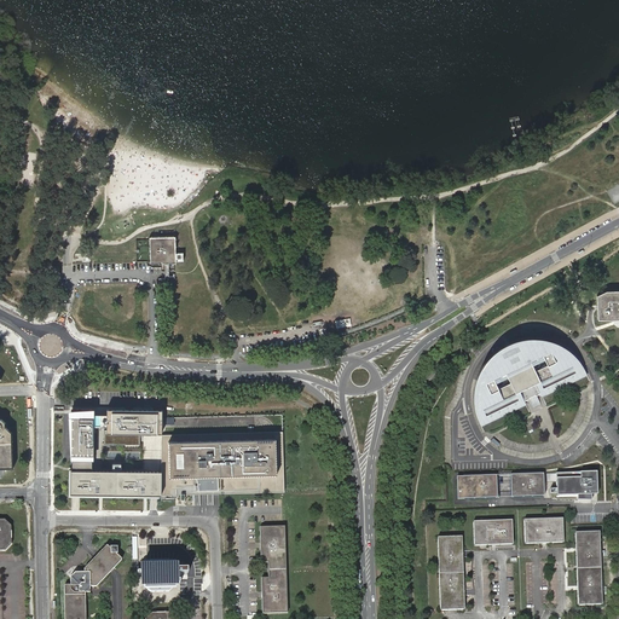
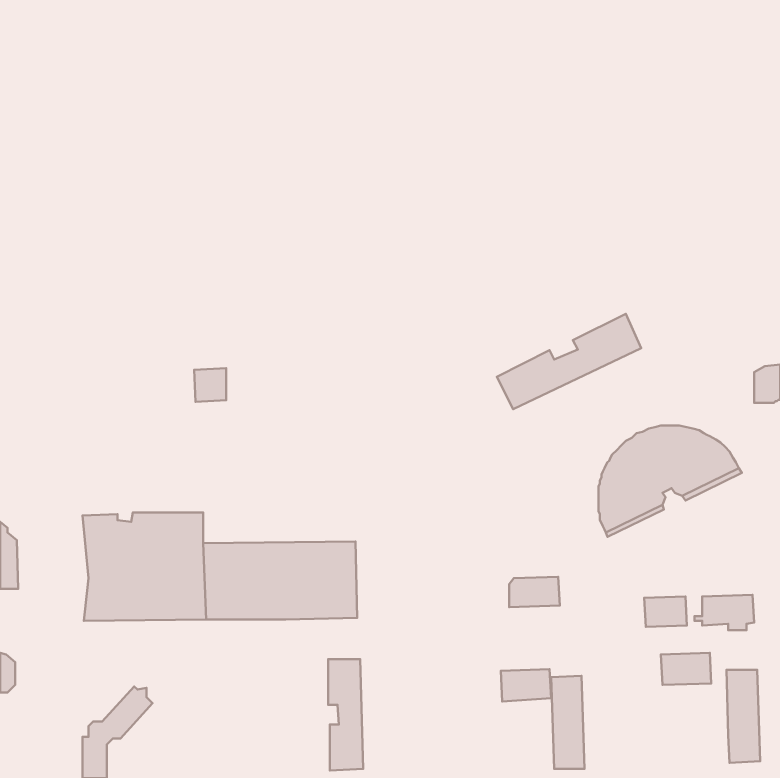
building: [149,235,174,261] -> [194,368,226,402]
building: none -> [497,314,641,409]
building: [457,474,497,498] -> [509,577,560,607]
building: [472,520,511,545] -> [501,669,551,701]
building: [143,560,175,591] -> none

